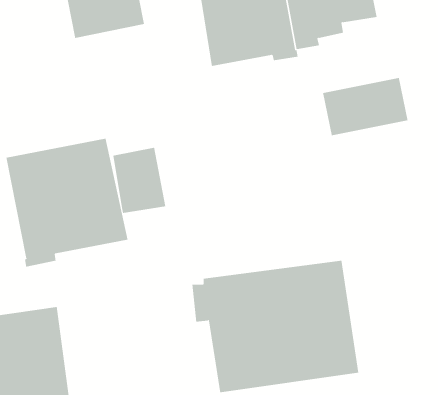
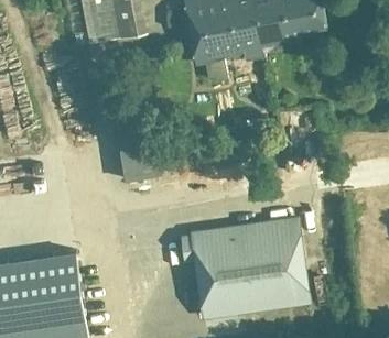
building: [323,77,408,136] -> none
building: [6,138,128,267] -> none

